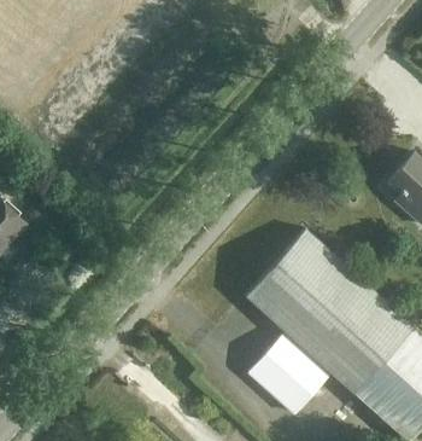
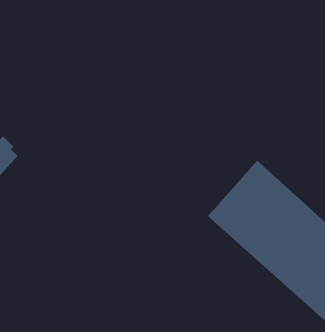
building: [250,336,329,416] -> none

